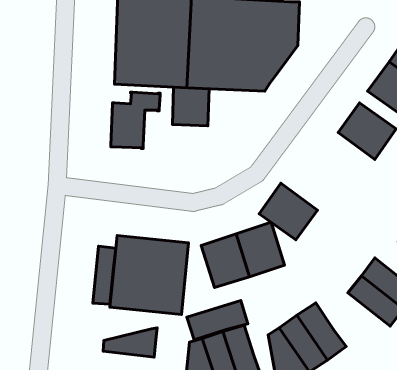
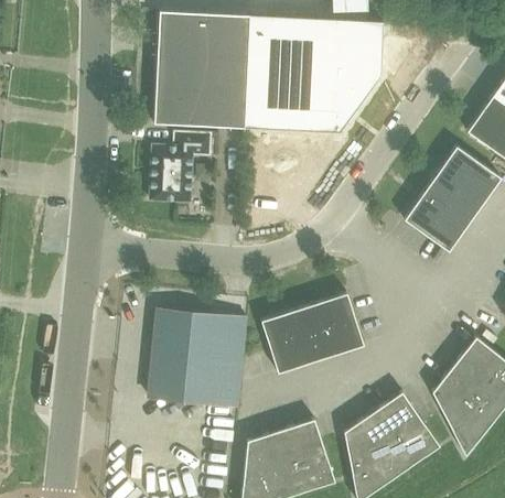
building: [172,87,209,126] -> none
building: [259,183,317,240] -> [404,183,475,252]
building: [93,246,116,304] -> none
building: none -> [432,380,494,456]
building: [187,300,248,340] -> none
building: [103,328,157,357] -> none

